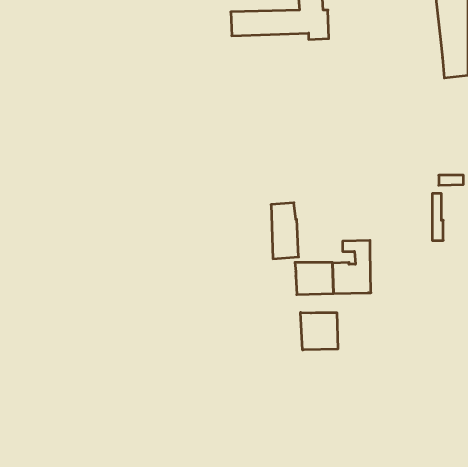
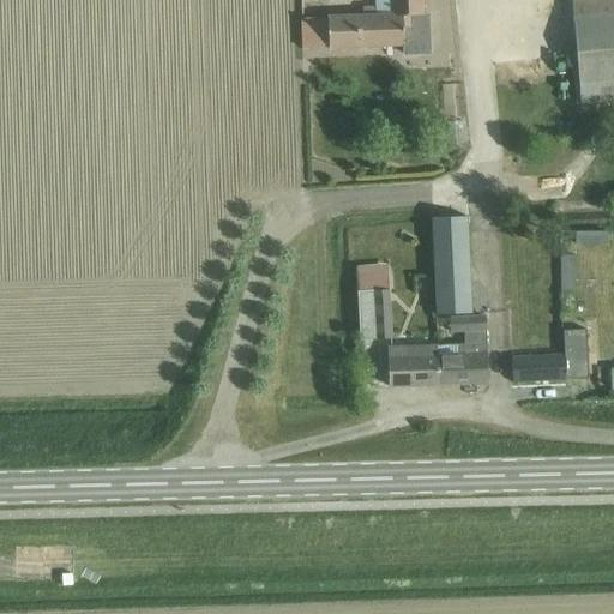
building: none -> [435,217,468,312]
building: none -> [512,327,589,381]
building: [301,312,338,350] -> none

